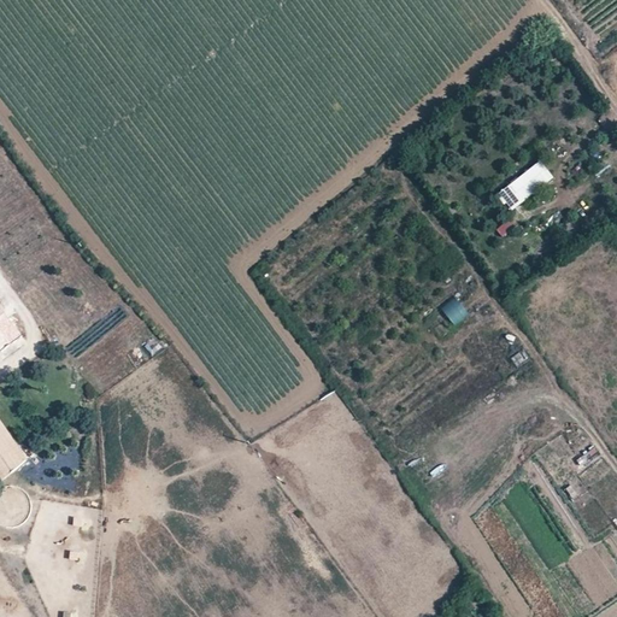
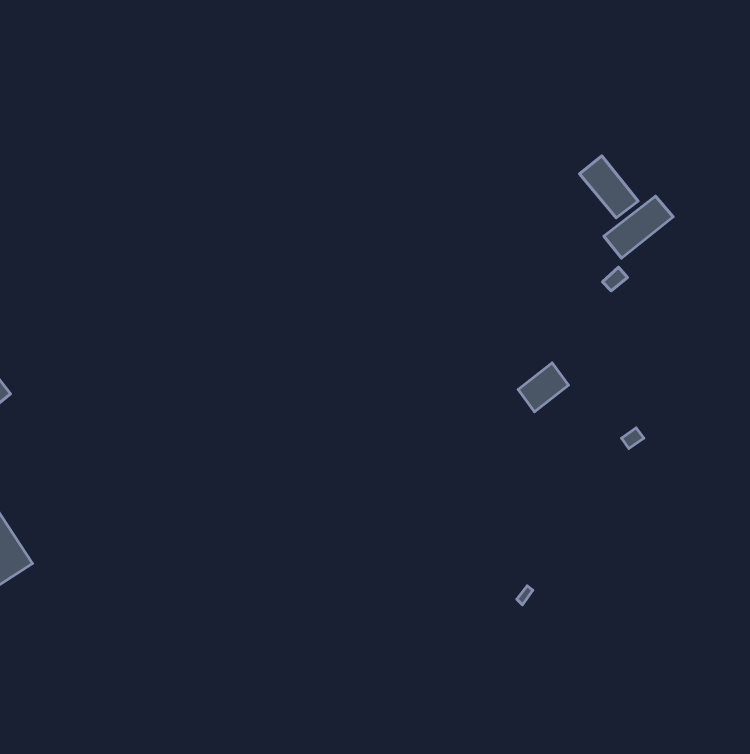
building: none -> [579,156,638,218]

